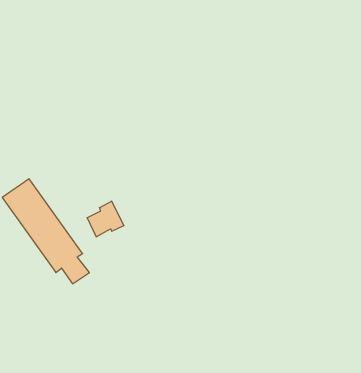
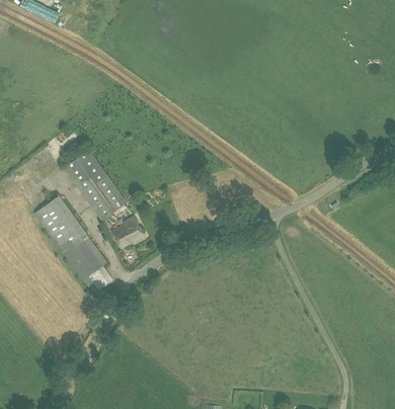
building: none -> [64,149,126,220]

